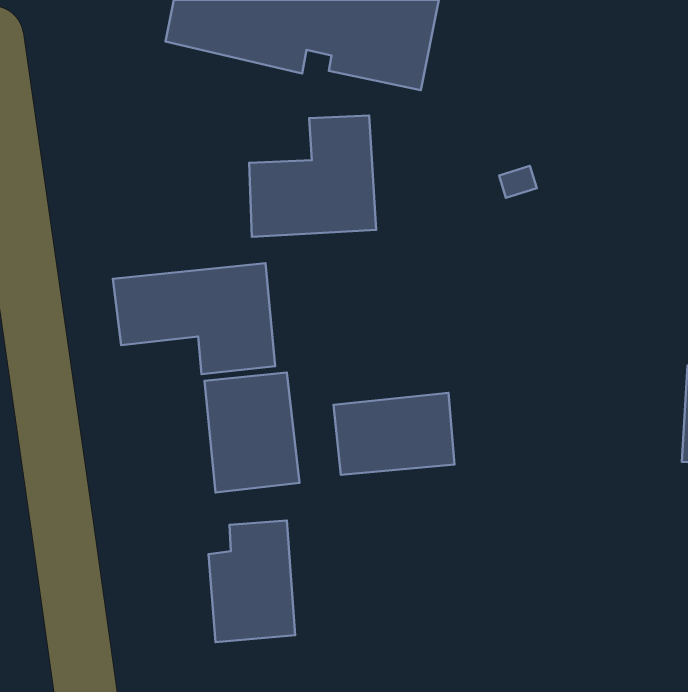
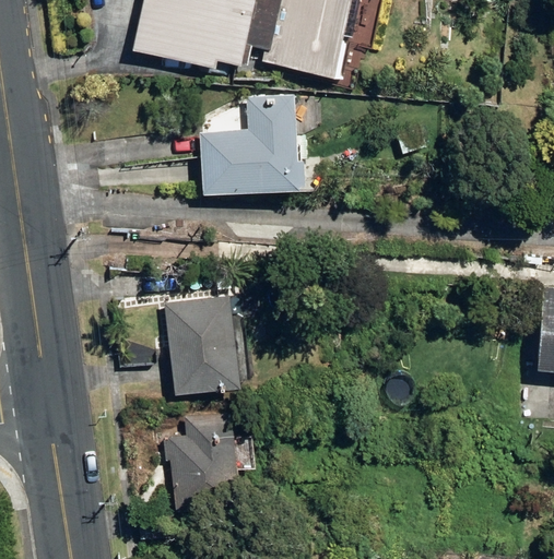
building: [113,263,275,374] -> none
building: [334,393,455,475] -> none

